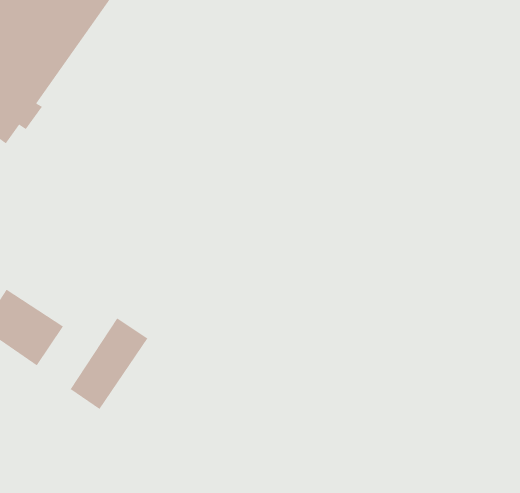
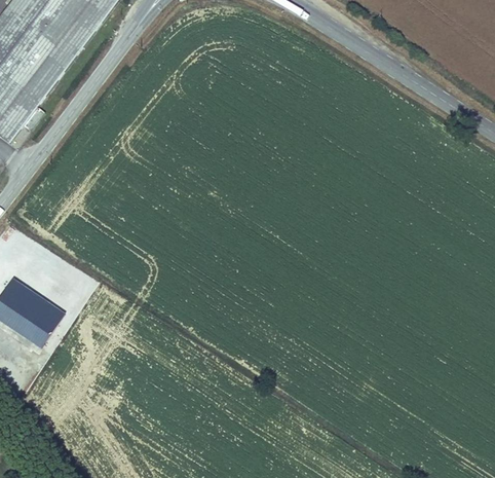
building: [70,317,148,410] -> none

